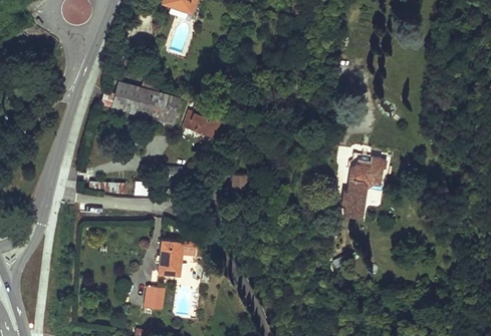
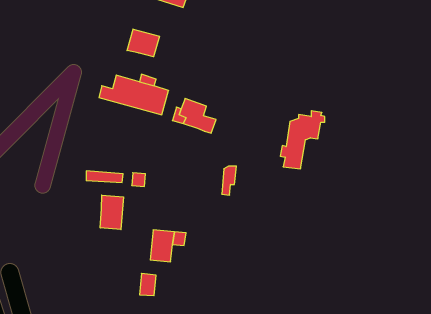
building: none -> [127,29,159,57]
building: [340,156,387,217] -> [280,111,325,169]
building: none -> [100,195,123,230]

